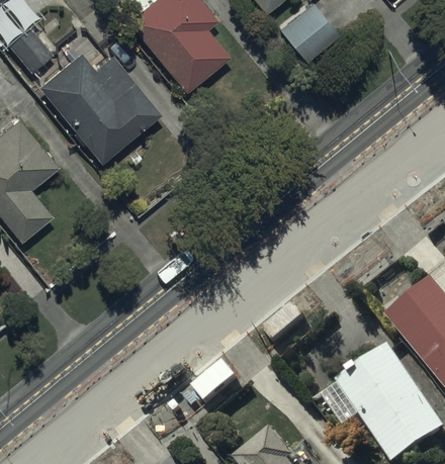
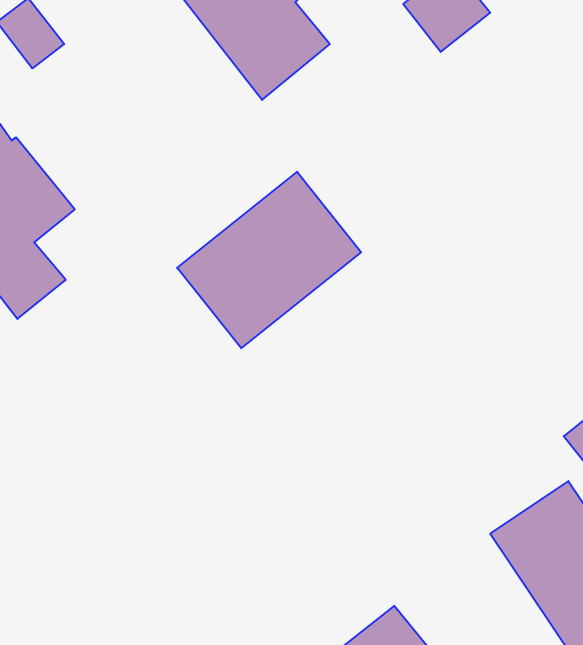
building: [38,50,160,159] -> none
building: none -> [177,172,361,348]

